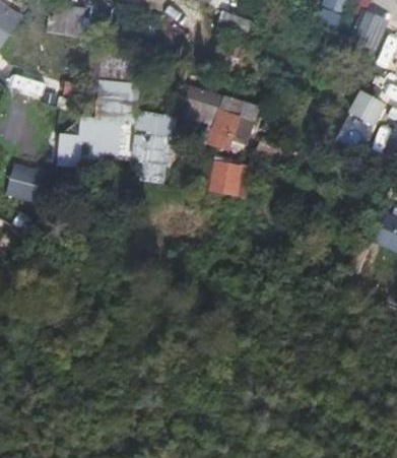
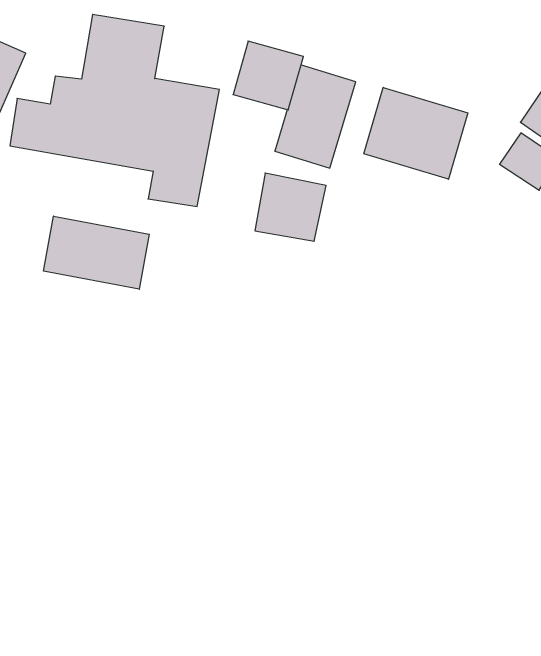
building: none -> [364,87,468,179]
building: none -> [44,216,149,289]

